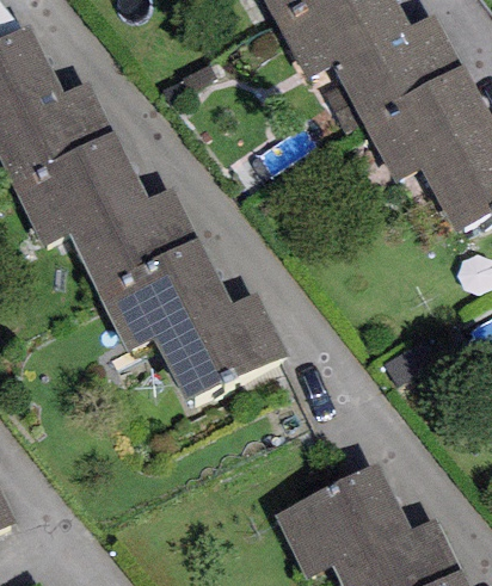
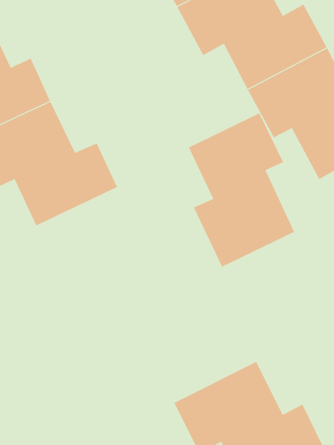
building: none -> [188,113,295,267]
building: [96,242,285,409] -> none

